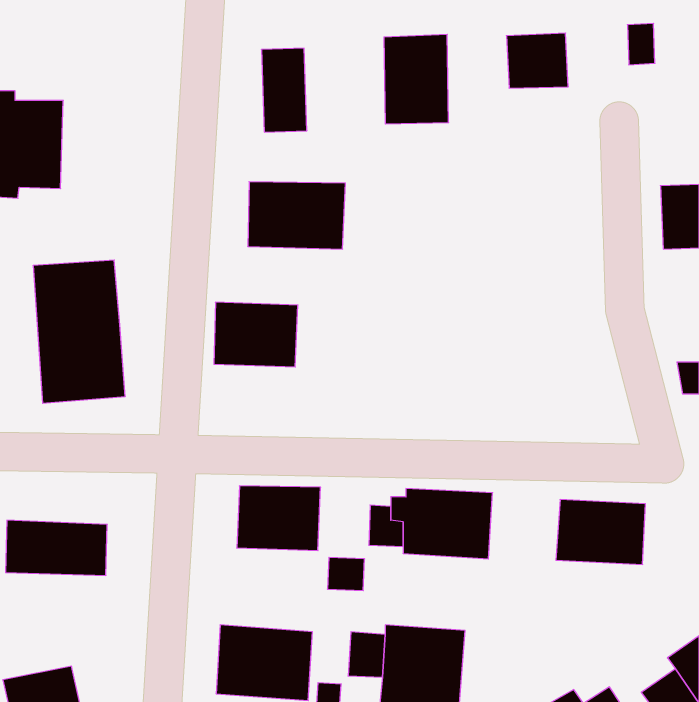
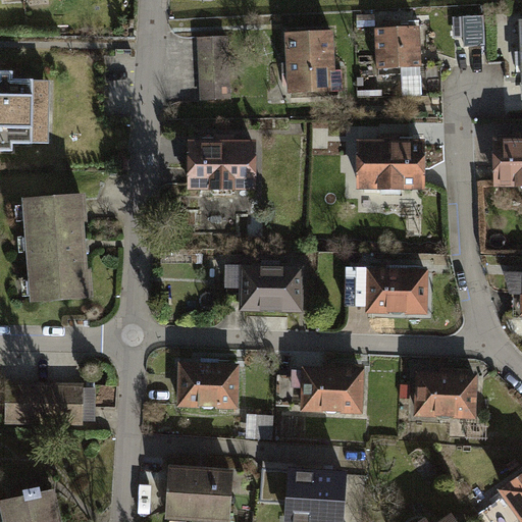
building: none -> [356,136,425,185]
building: [214,302,298,367] -> [242,269,304,317]
building: none -> [365,274,431,321]

